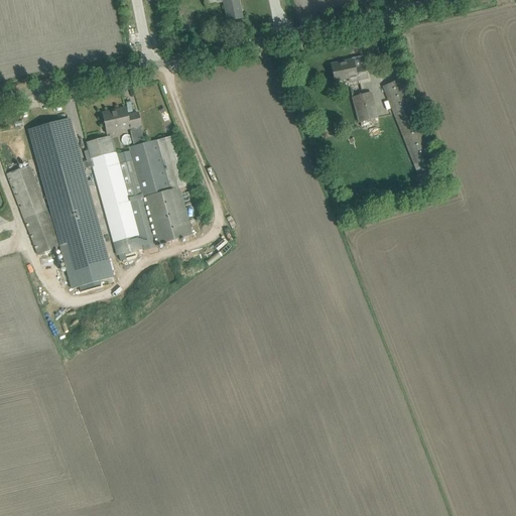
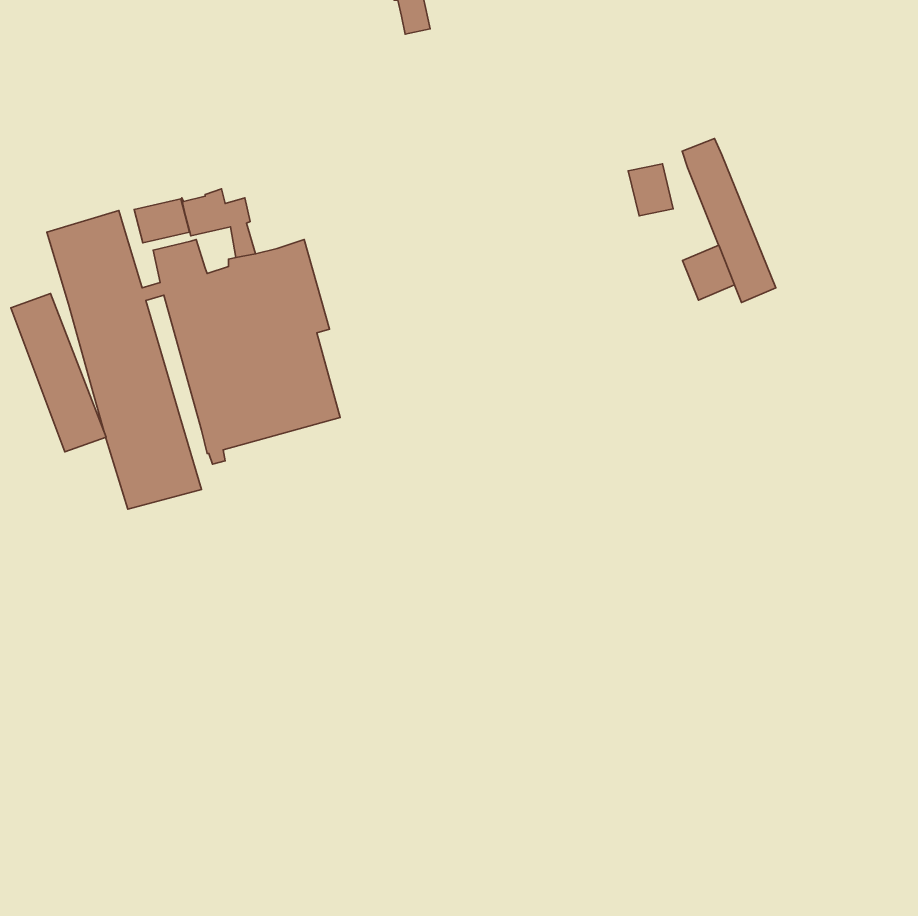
building: [330,58,366,81] -> none
building: none -> [134,199,190,243]
building: none -> [682,245,735,300]

